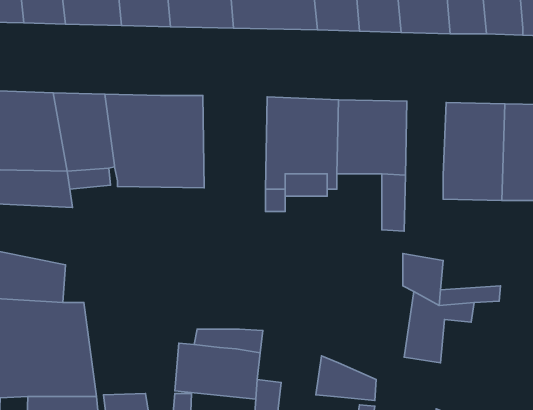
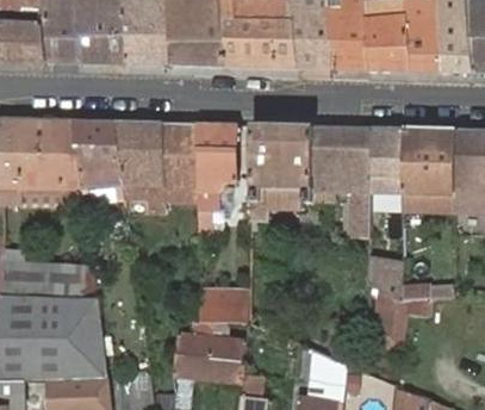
building: none -> [198,123,238,229]
building: none -> [371,128,405,191]
building: none -> [200,291,250,323]

